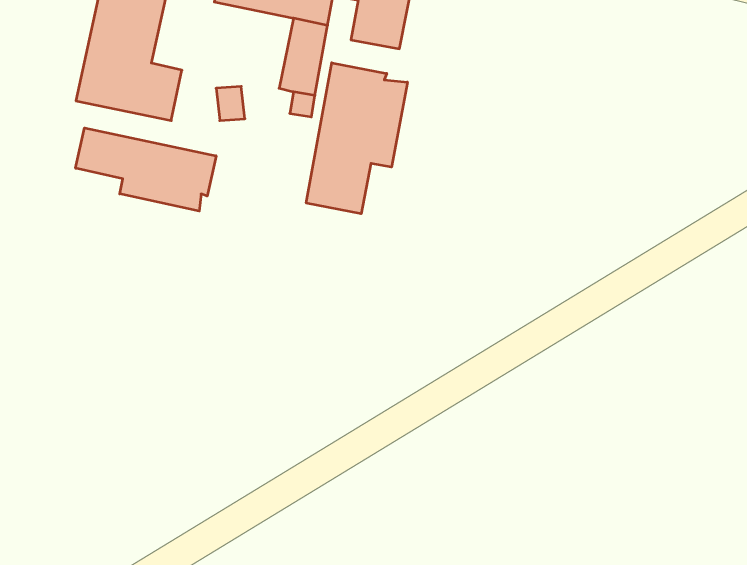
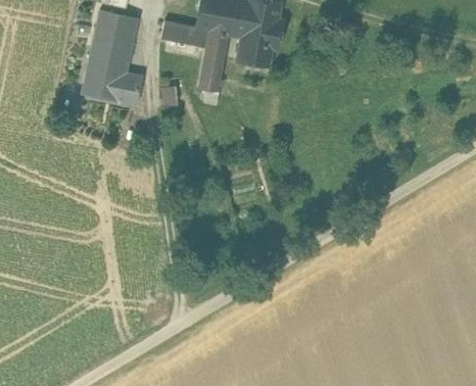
building: [306,63,407,214] -> none
building: [76,128,216,211] -> none

